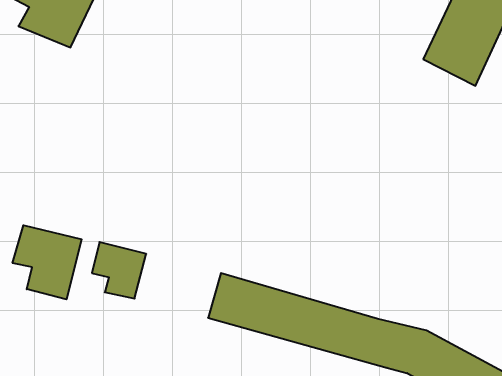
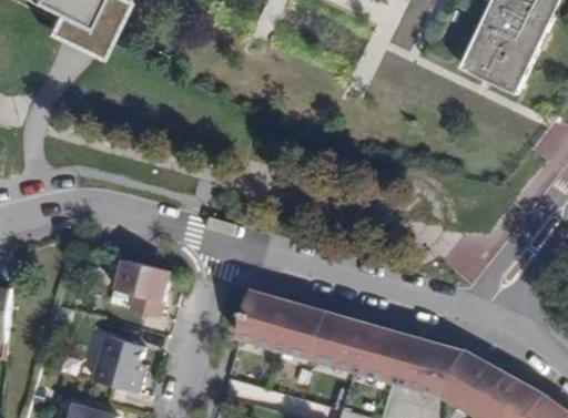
building: [13,225,82,299] -> none
building: none -> [93,334,144,391]

